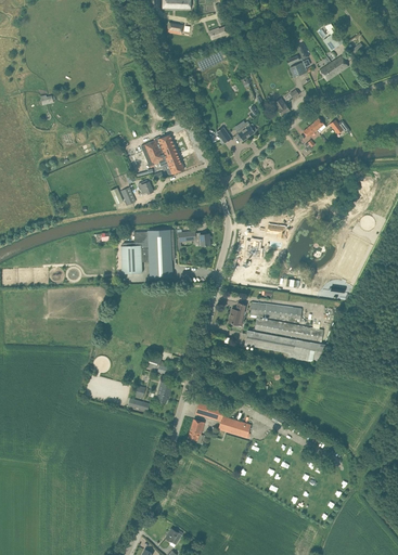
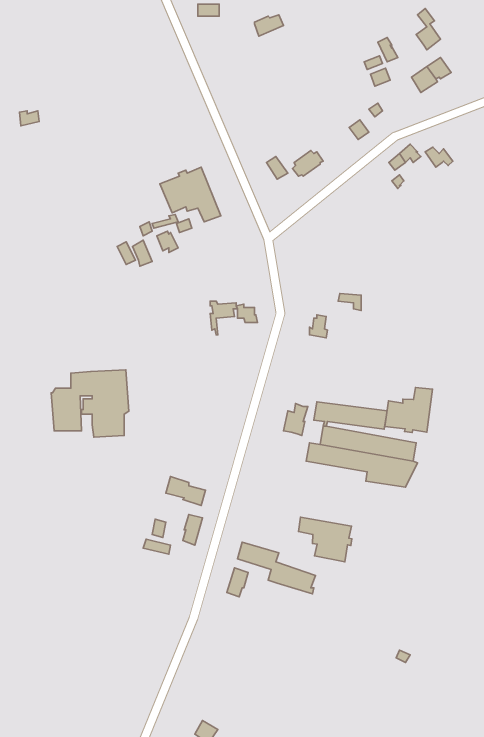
building: [119,230,175,278] -> [51,370,129,437]
building: none -> [385,387,433,433]
building: none -> [298,517,352,562]

